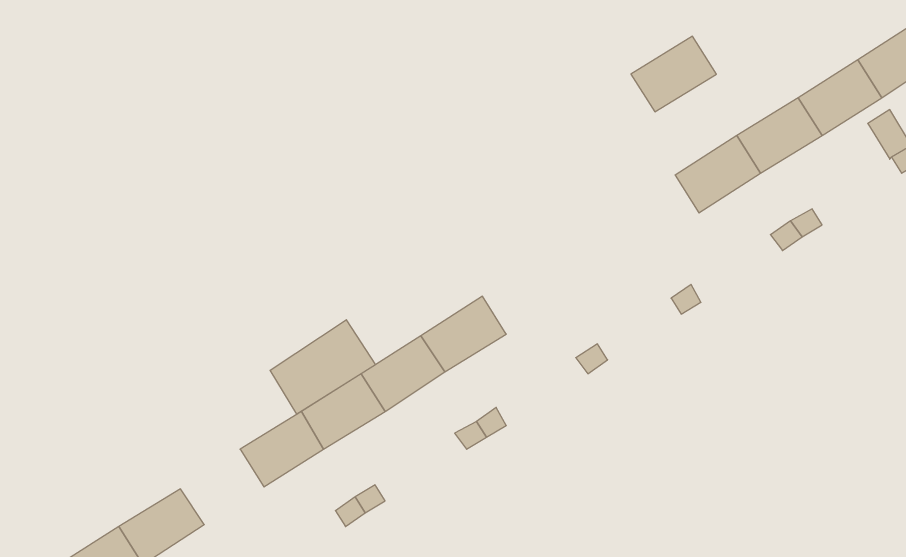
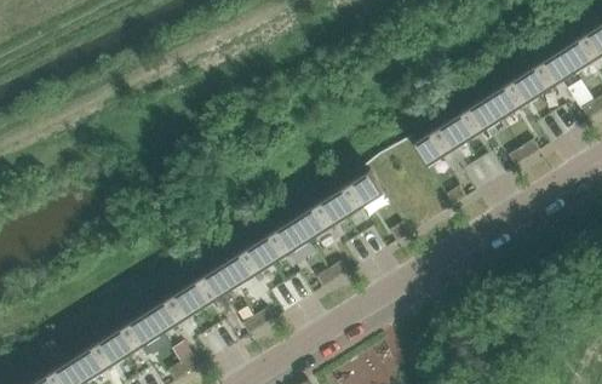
building: [631,36,716,112] -> [413,119,465,165]
building: none -> [333,170,385,216]
building: [270,320,375,414] -> none
building: none -> [149,286,200,332]

